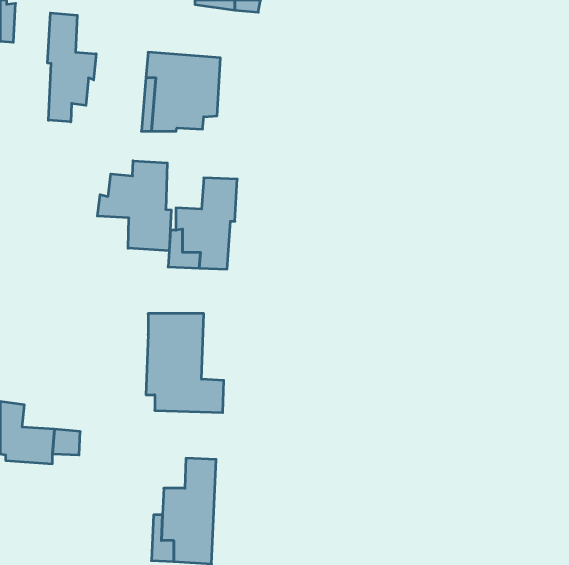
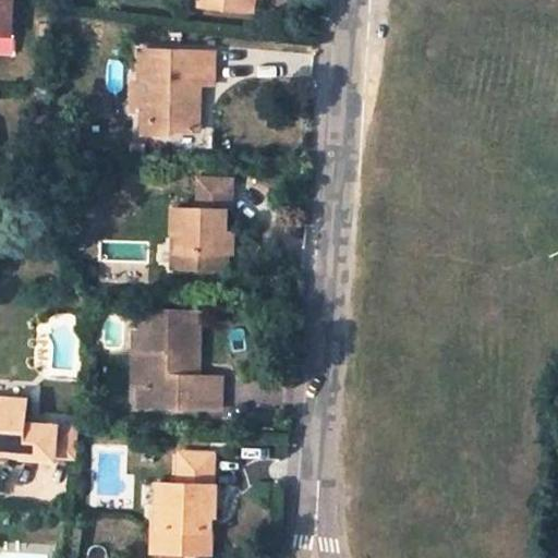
building: [48,13,96,122] -> none
building: [97,161,171,251] -> none
building: none -> [130,330,151,405]

